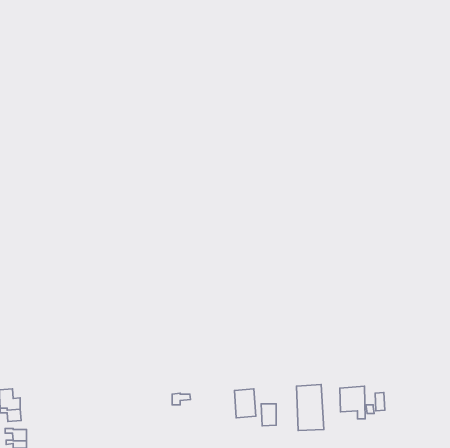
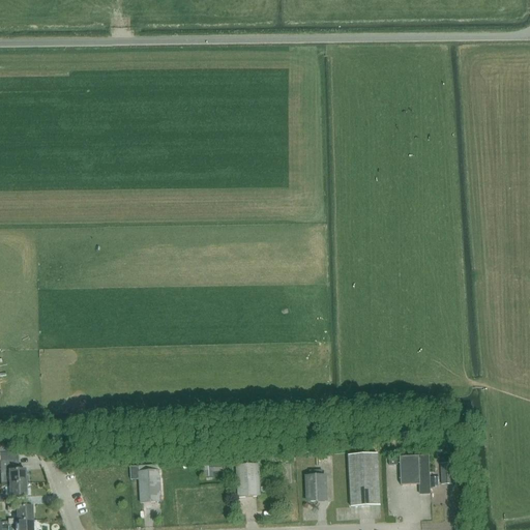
building: [235,389,256,418] -> [235,462,260,496]
building: none -> [129,463,160,501]

